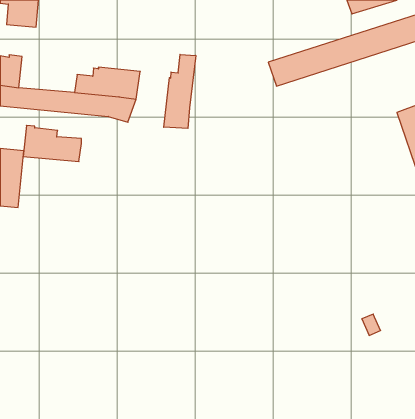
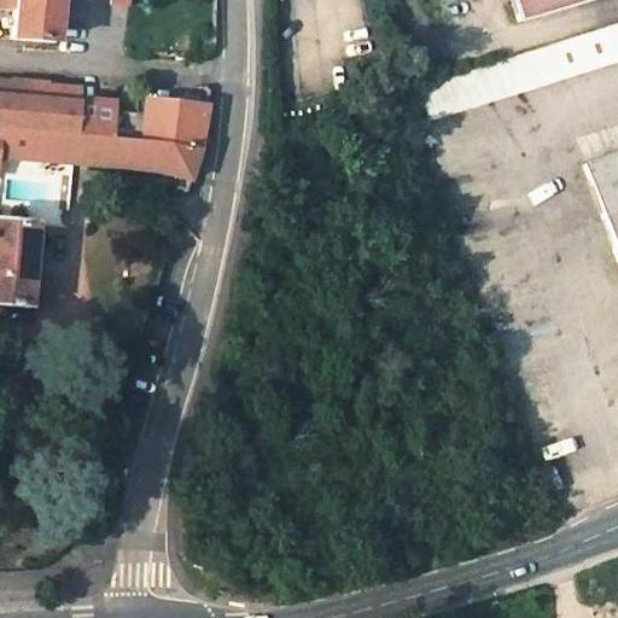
building: [164,54,196,128] -> none
building: [23,125,81,162] -> [34,83,119,136]

